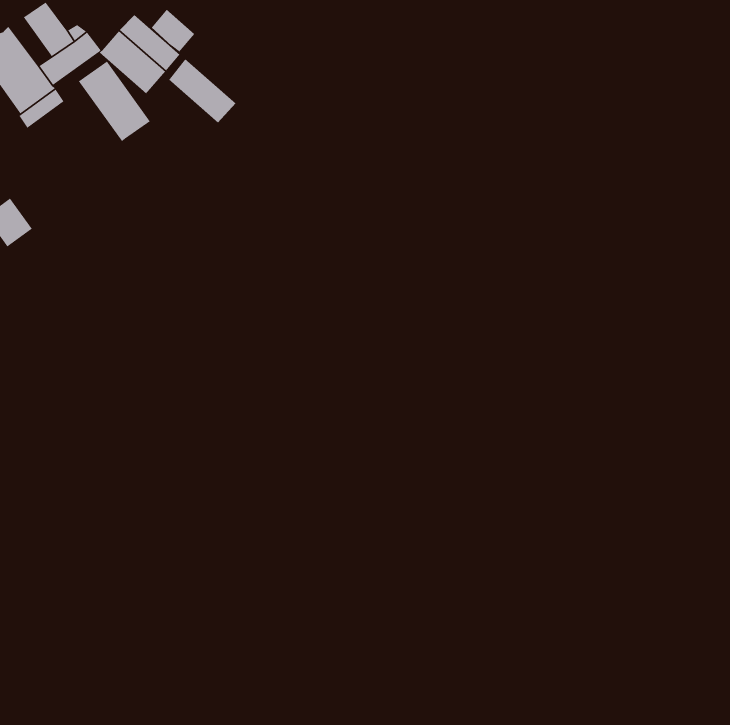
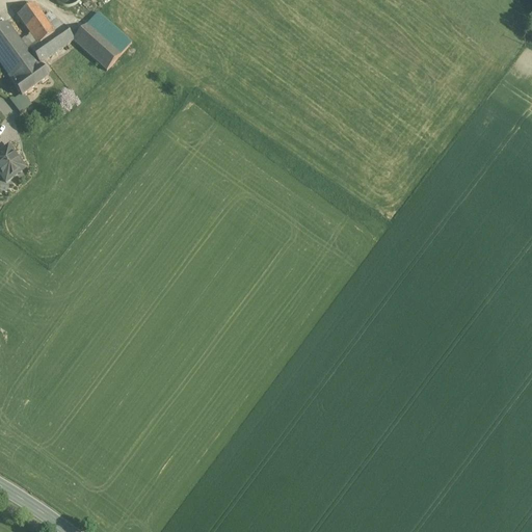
building: [151,9,195,53] -> none
building: [168,58,236,123] -> none
building: [78,60,151,142] -> none

